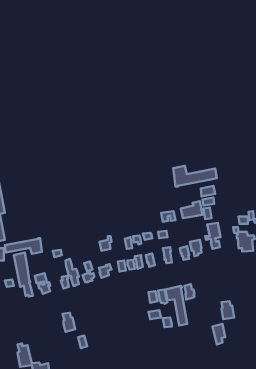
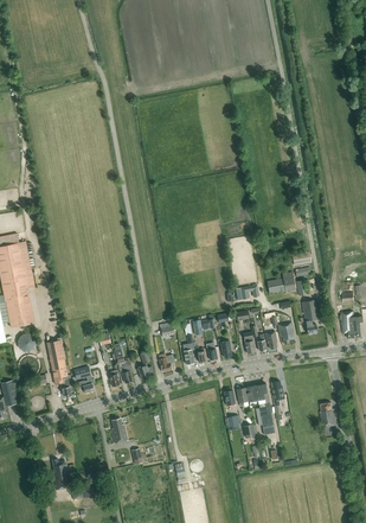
building: [173,166,217,187] -> none
building: [5,238,42,254] -> none

